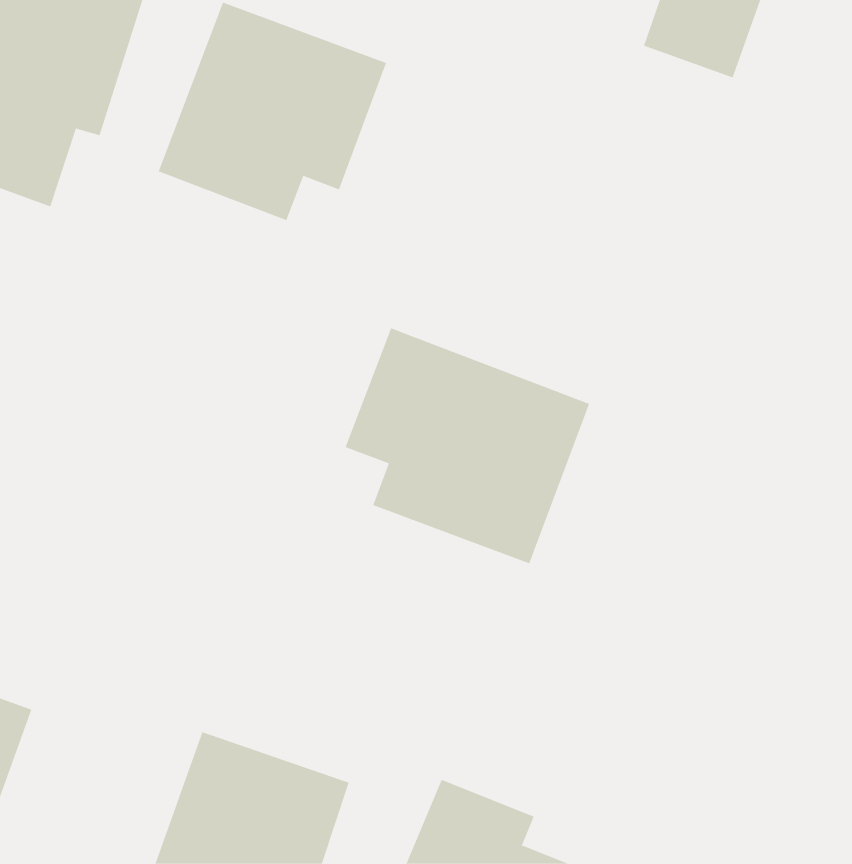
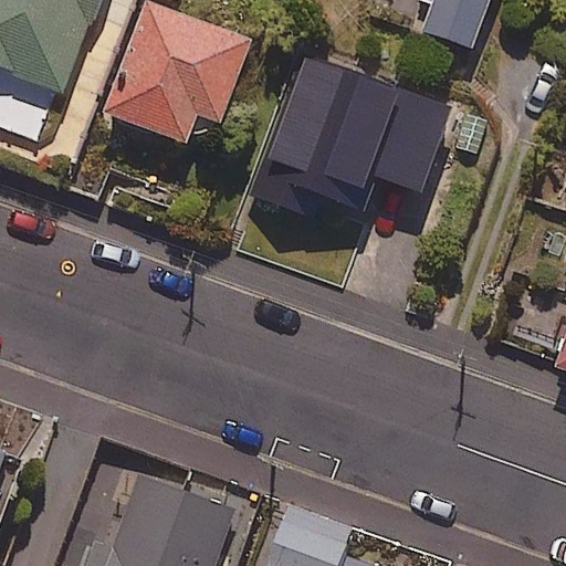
building: none -> [248,52,451,217]
building: [345,327,590,564] -> none

